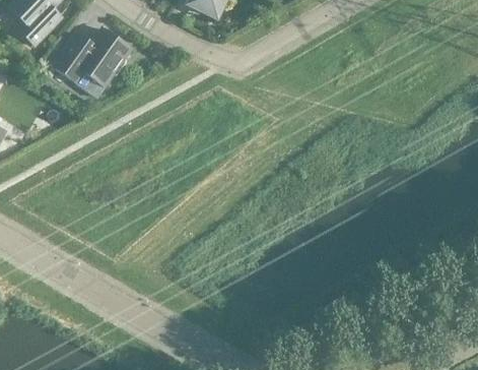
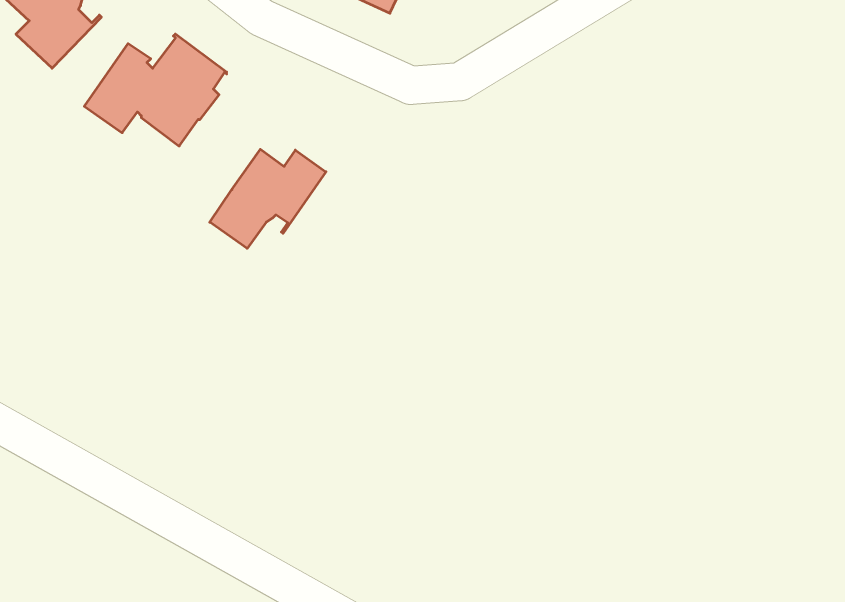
building: none -> [210,149,326,248]

